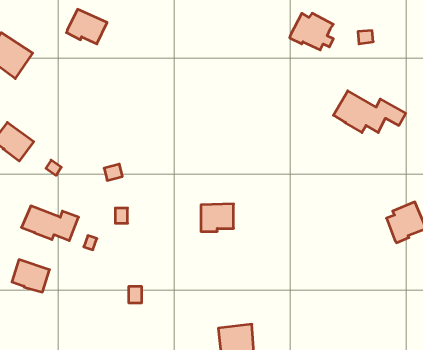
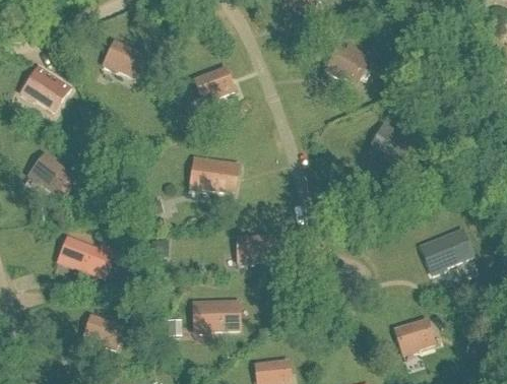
building: none -> [195,67,234,104]
building: none -> [189,162,238,195]
building: [12,260,50,292] -> [84,315,122,347]
building: none -> [194,300,240,329]
building: none -> [395,320,434,355]

